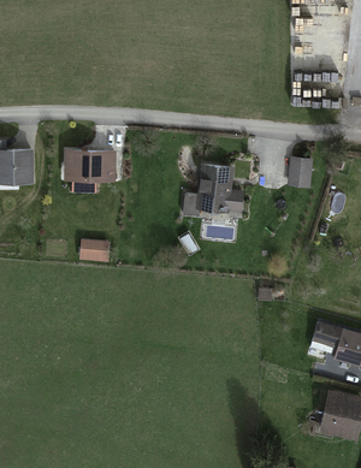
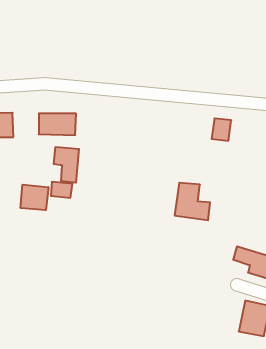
building: [197,165,243,213] -> [175,183,210,220]
building: none -> [54,147,79,183]
building: none -> [21,185,48,210]

